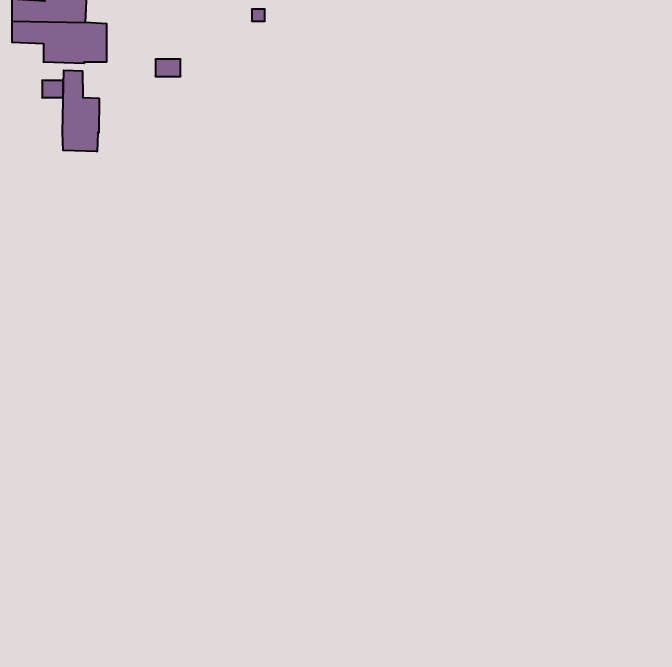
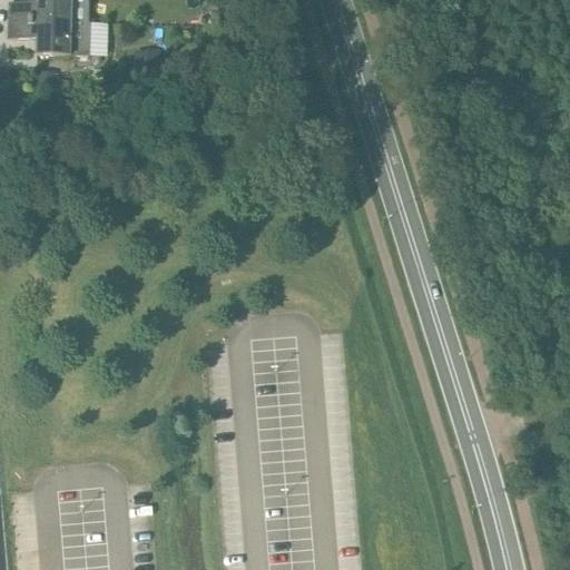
building: [63,70,99,152] -> none

